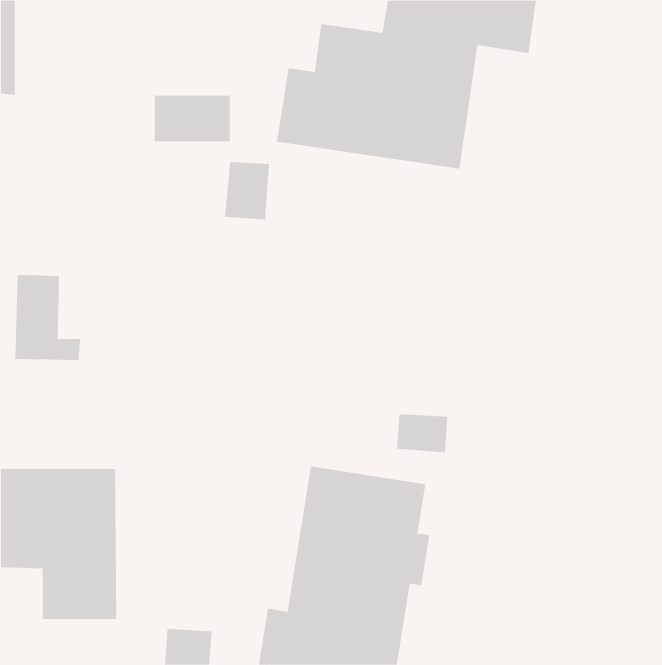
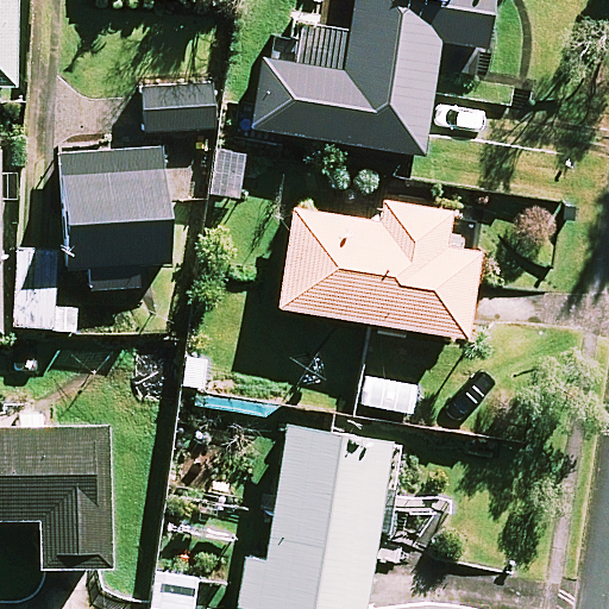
building: none -> [65,151,169,290]
building: none -> [281,195,478,337]

